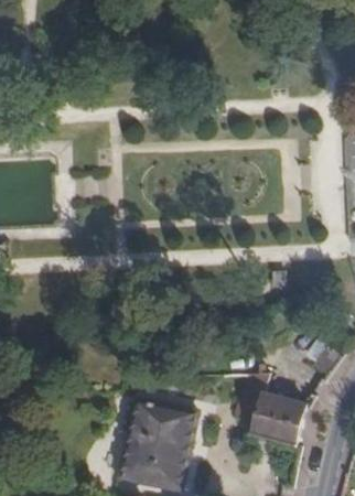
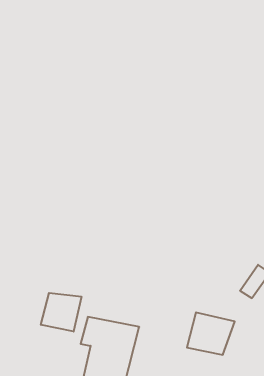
building: none -> [41,293,81,332]

